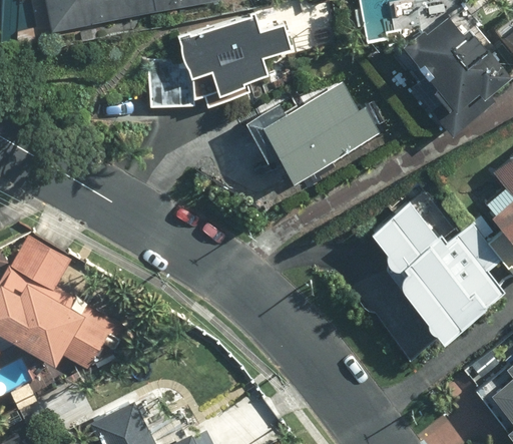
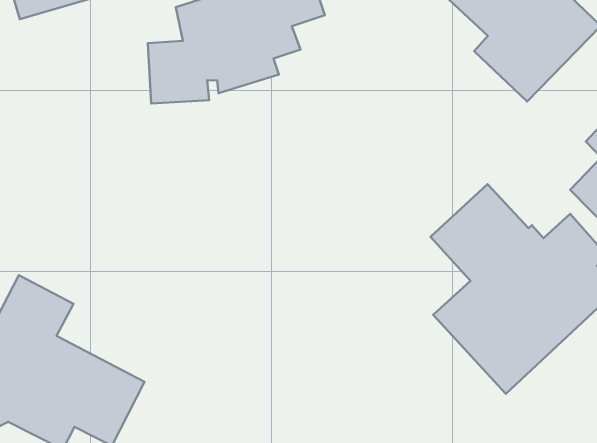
building: [259,81,385,186] -> none

